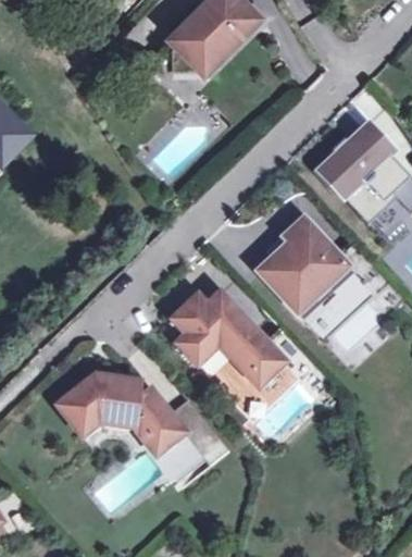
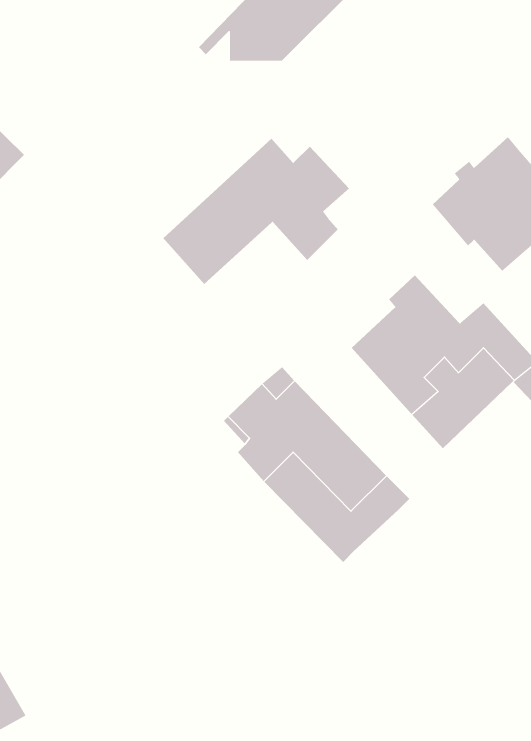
building: none -> [163,138,350,285]
building: [57,373,227,461] -> none

